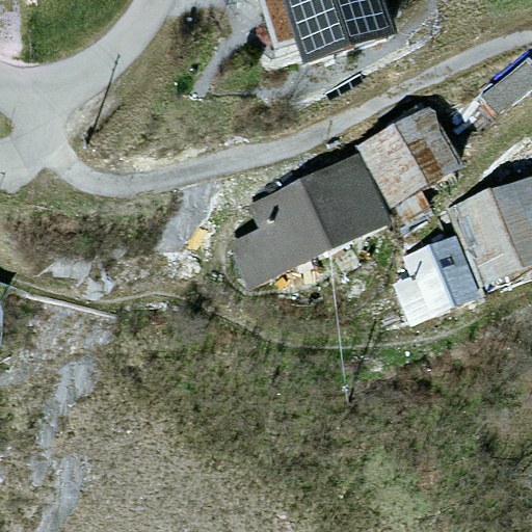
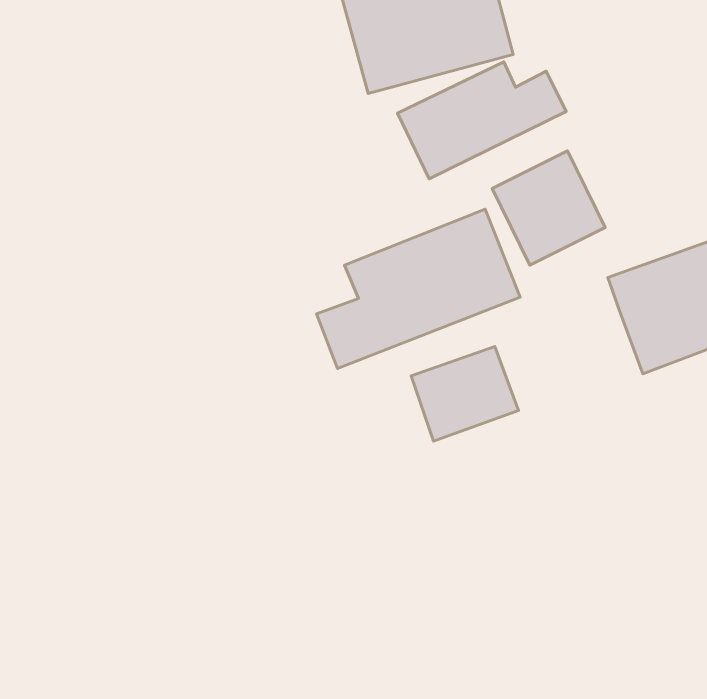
building: none -> [397,62,566,179]
building: [403,231,483,301] -> [411,346,518,441]

